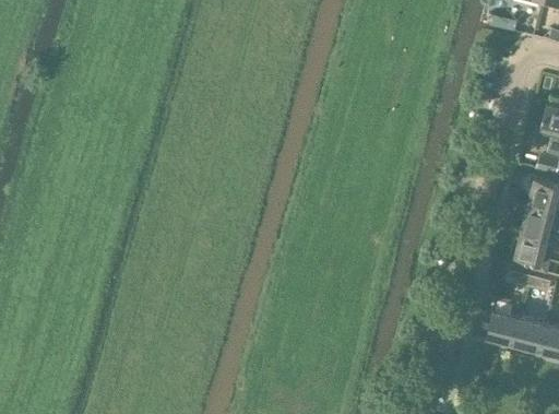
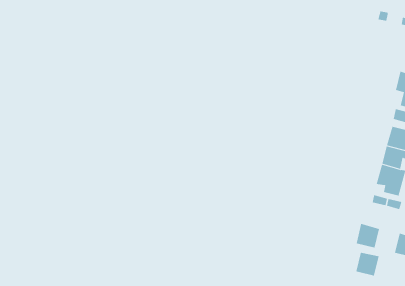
building: [516,319,549,352] -> [355,252,379,276]

